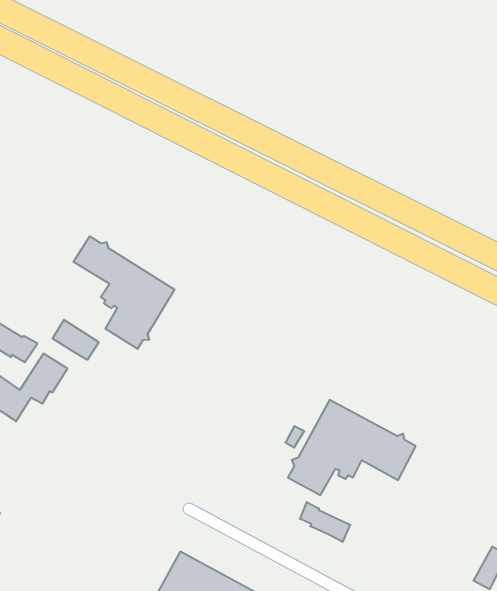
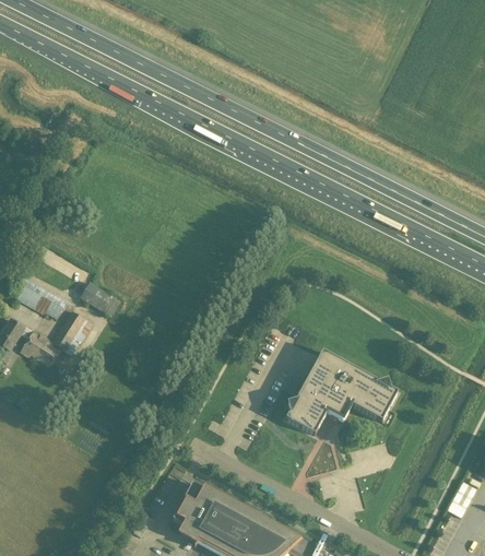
building: [73,236,175,349] -> none
building: [300,502,350,542] -> none

